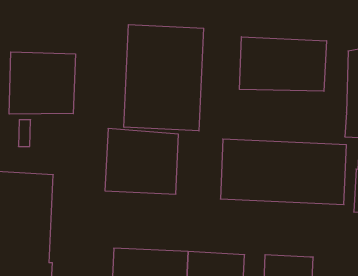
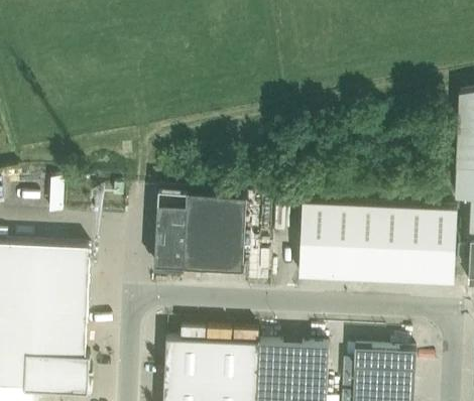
building: [124,25,204,131] -> none
building: [239,37,327,91] -> none
building: [9,52,75,114] -> none

